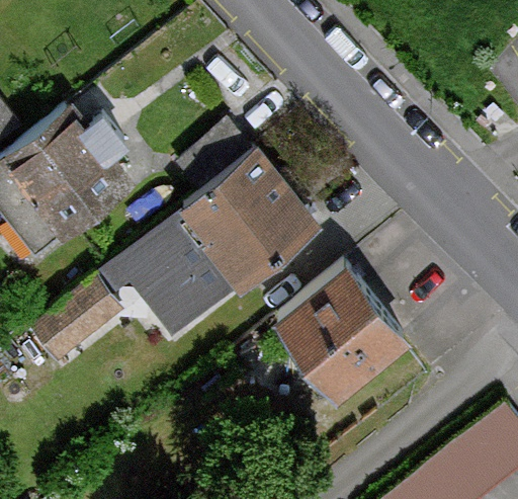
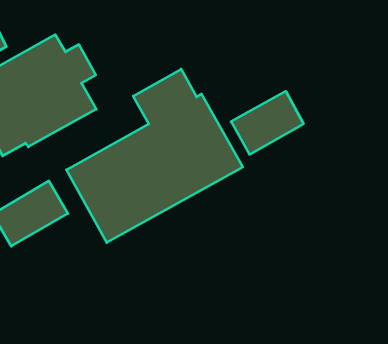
building: none -> [231,91,303,154]
building: [271,265,408,403] -> none

